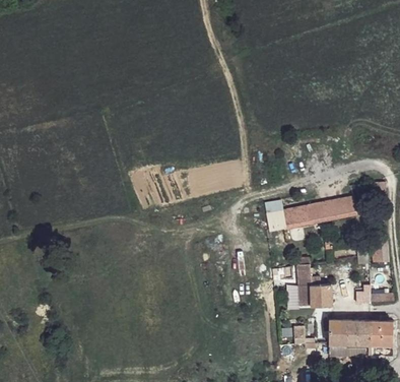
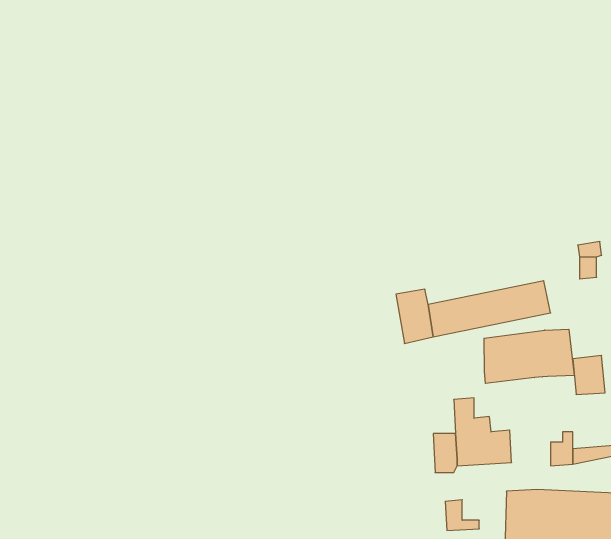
building: none -> [484,329,574,383]

